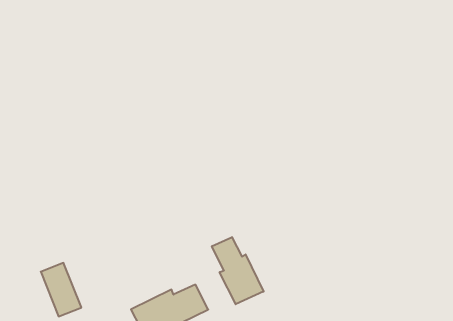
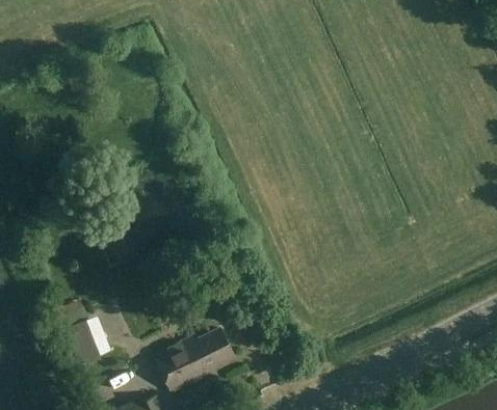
building: [212,237,264,304] -> none

